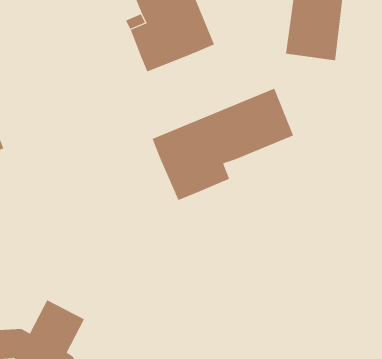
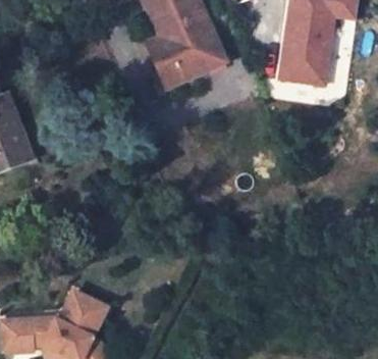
building: [152,88,294,201] -> none

